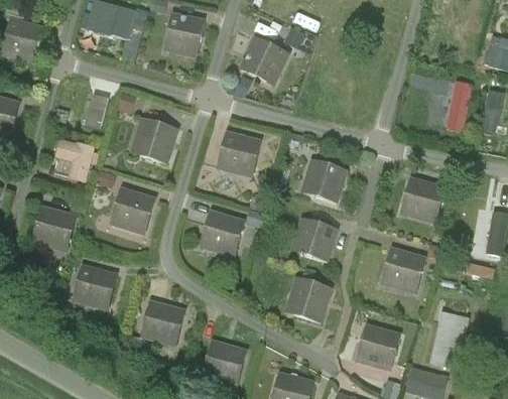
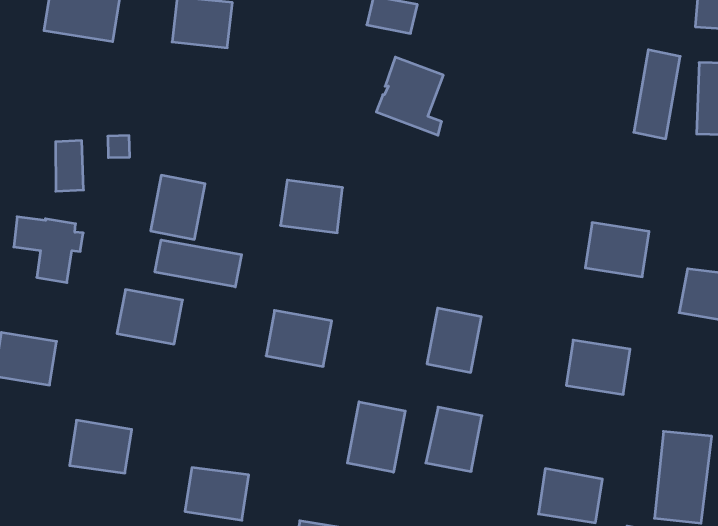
building: [239,35,282,86] -> [376,57,443,135]
building: none -> [155,240,242,287]
building: [309,162,347,204] -> none
building: none -> [347,402,405,472]

